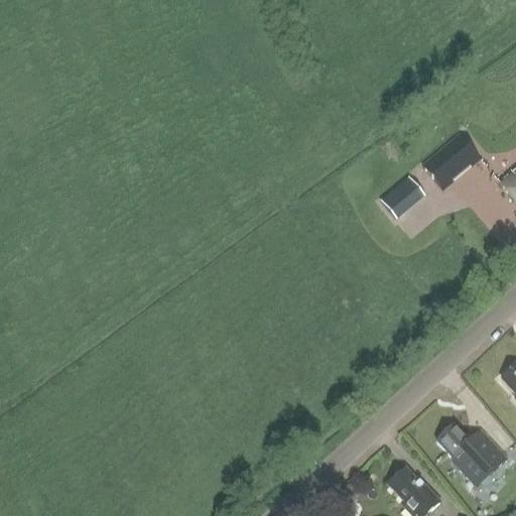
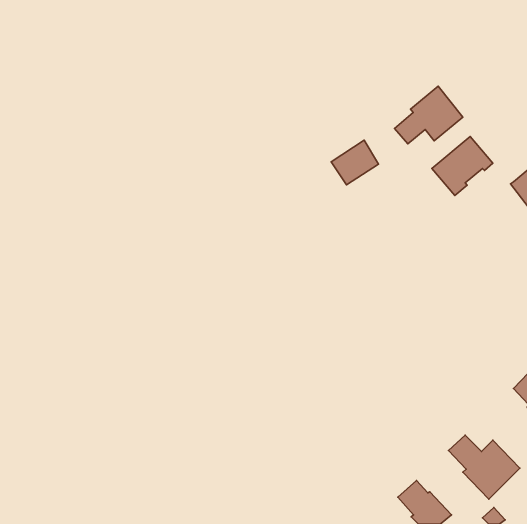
building: none -> [394,86,463,144]
building: [379,172,425,216] -> [331,140,379,185]

